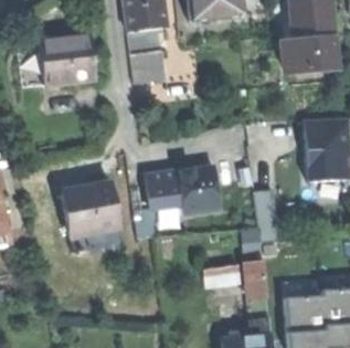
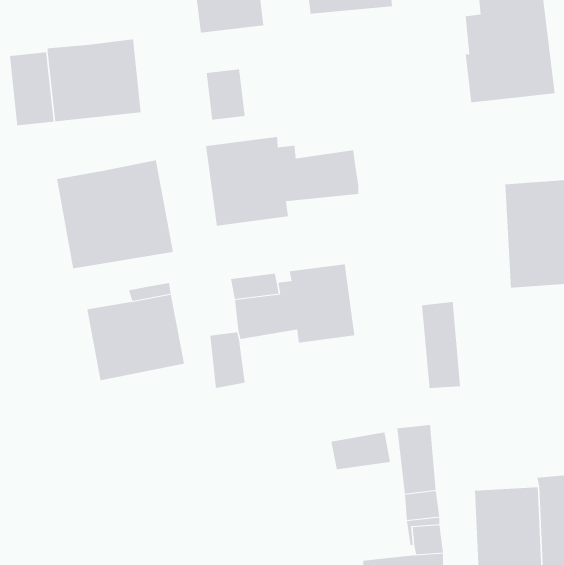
building: none -> [206,136,359,227]
building: none -> [56,160,173,269]

